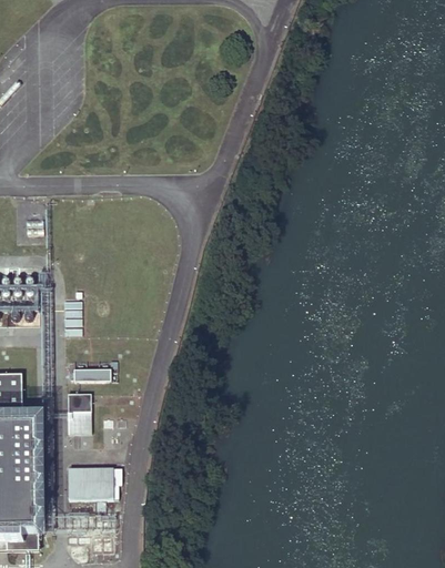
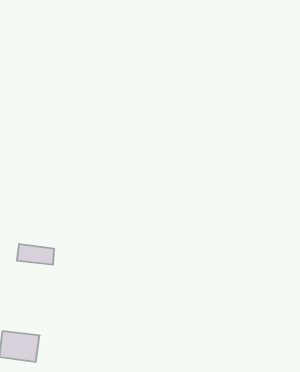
building: [69,393,92,433] -> none

